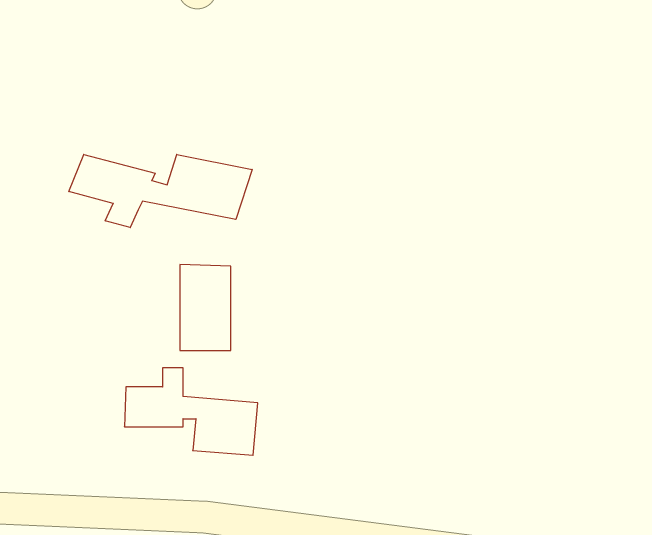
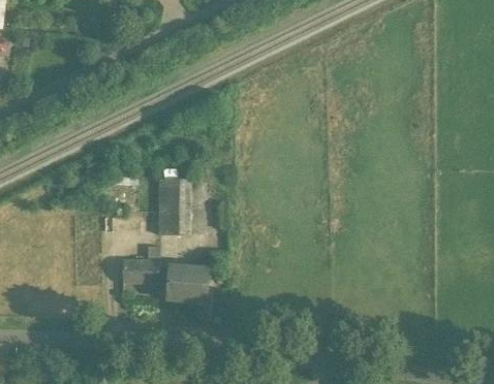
building: [69,154,252,228] -> none

